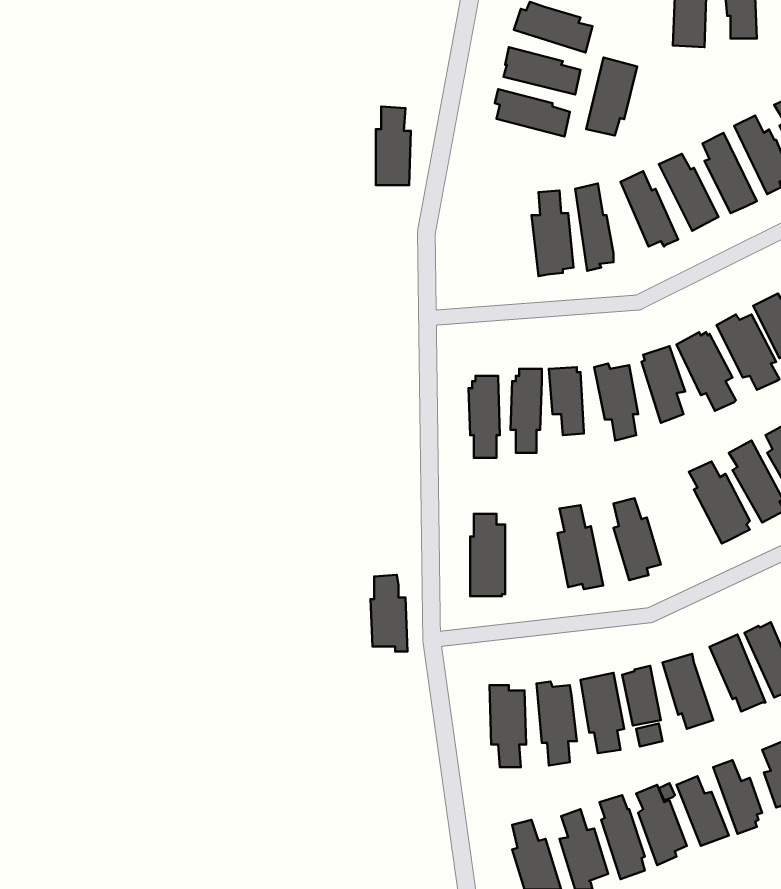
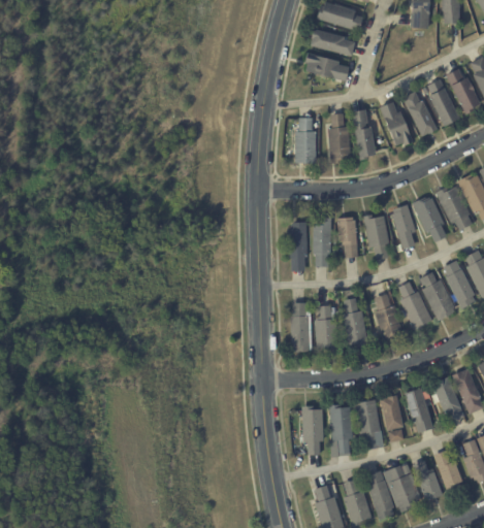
building: [586,57,637,135] -> none
building: [376,106,411,185] -> [295,118,316,164]
building: none -> [397,283,432,333]
building: [371,575,407,652] -> [315,306,336,352]

